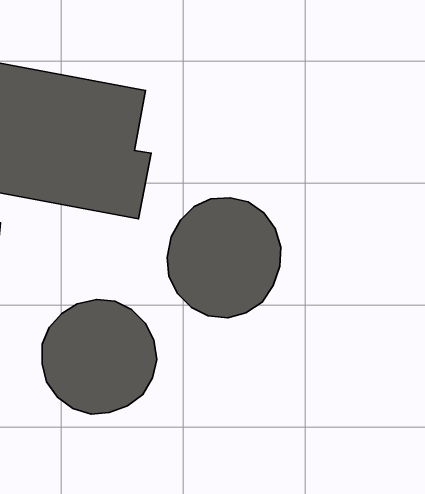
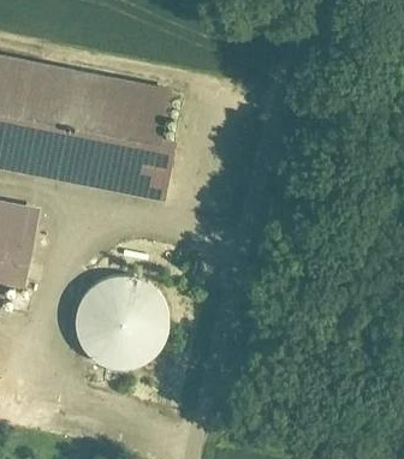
building: [167,198,281,318] -> none

